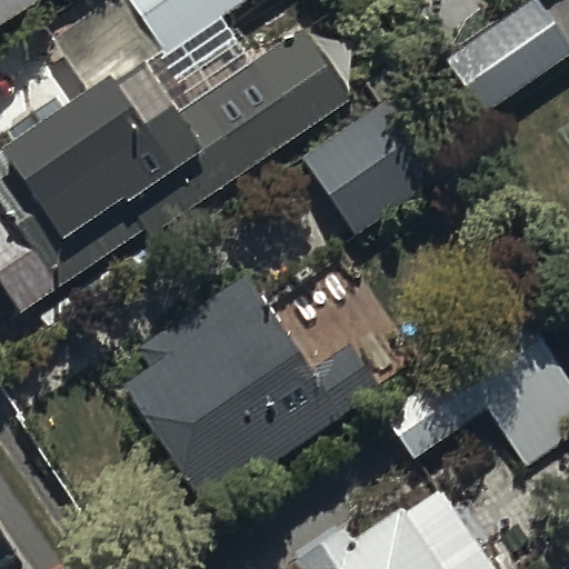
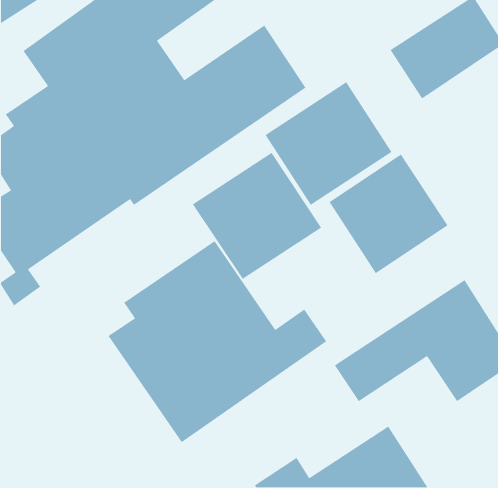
building: none -> [192,152,322,280]
building: none -> [328,153,449,274]

